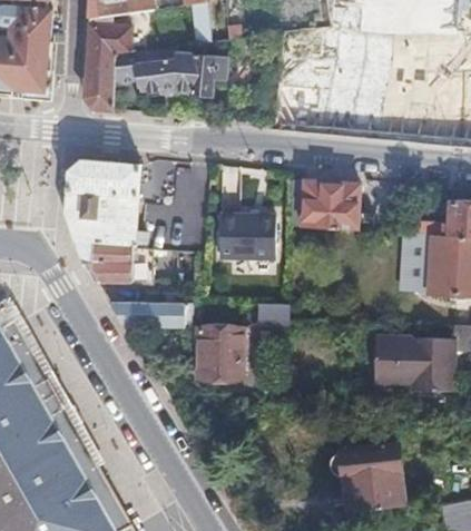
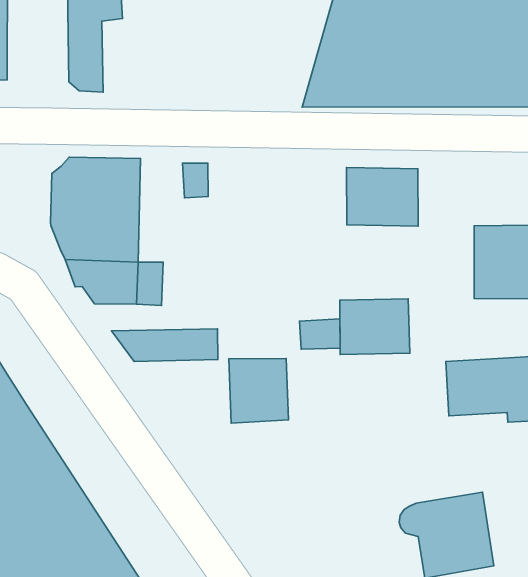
building: [114,45,226,96] -> none
building: [217,215,274,260] -> [340,299,410,355]

